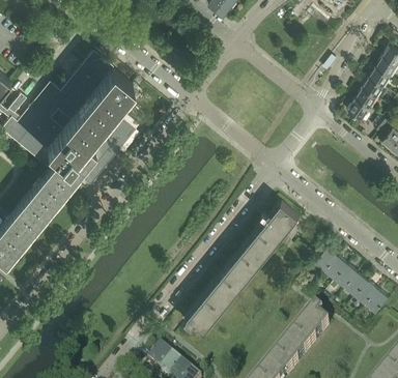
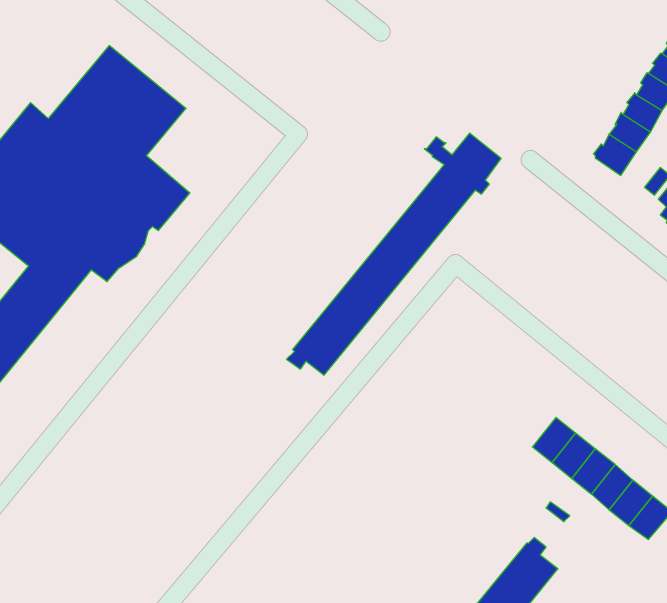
building: [184,200,297,327] -> [287,133,501,375]

